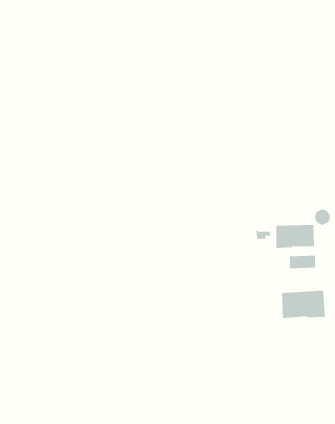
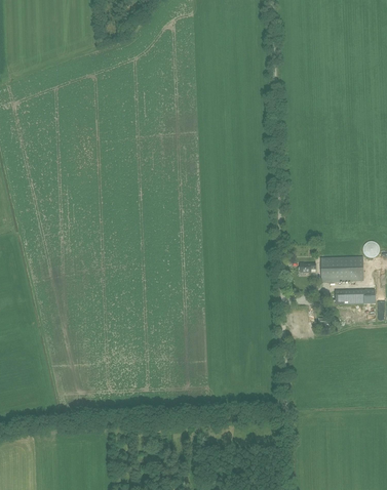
building: [281,290,326,319] -> none

